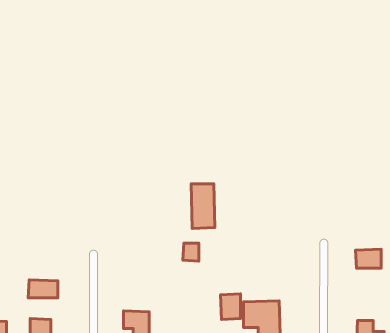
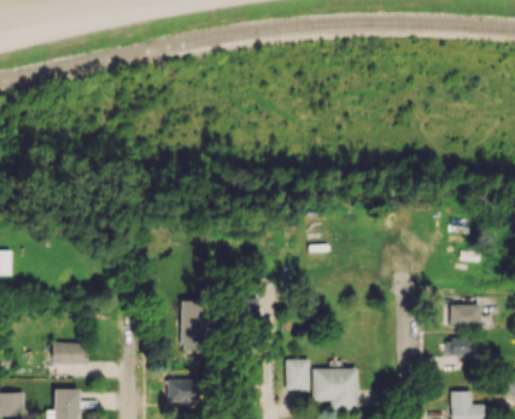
building: [191,184,215,228] -> [181,301,210,355]
building: none -> [446,337,481,358]

